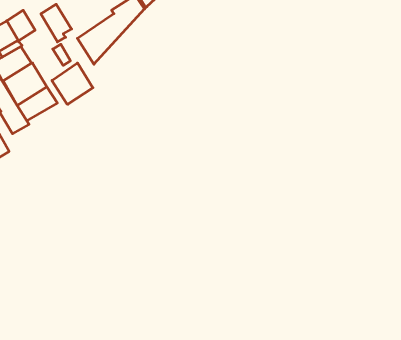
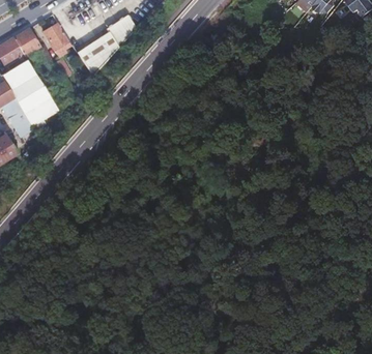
building: [52,63,93,104] -> none

